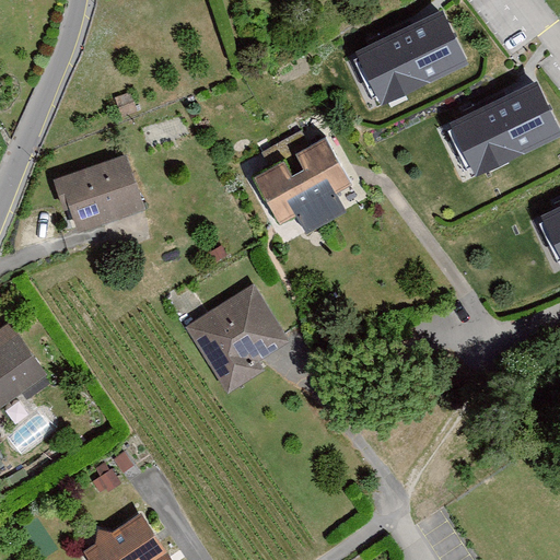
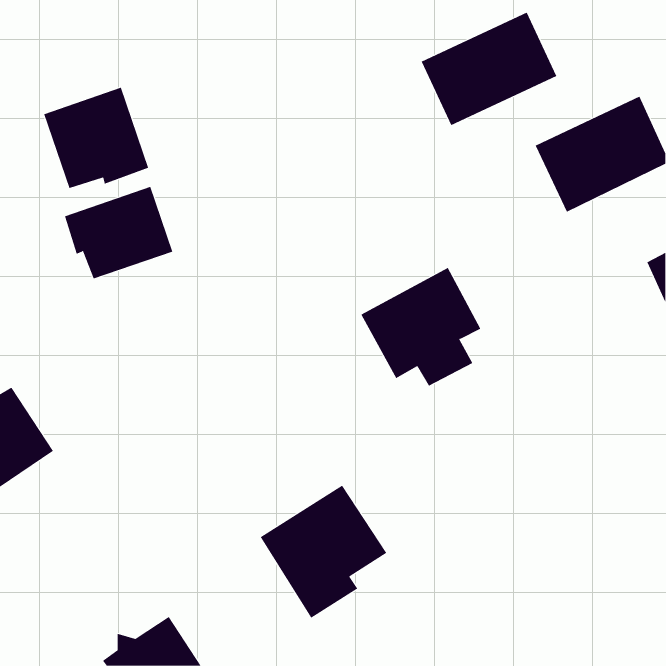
building: none -> [43,87,149,189]
building: [252,135,352,234] -> [360,267,481,387]
building: [185,283,291,395] -> [260,485,387,619]

